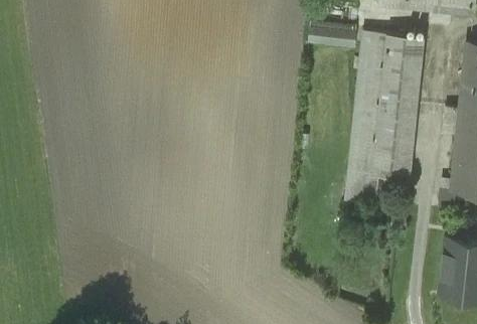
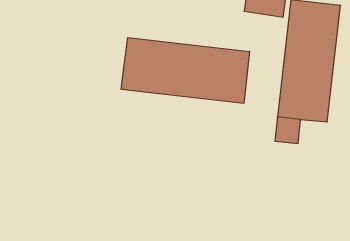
building: none -> [121,38,249,103]

